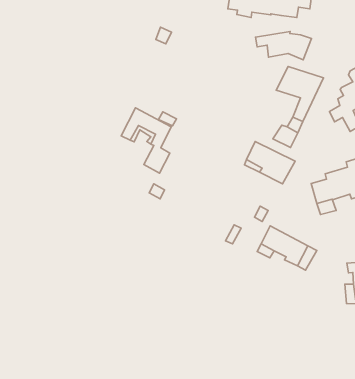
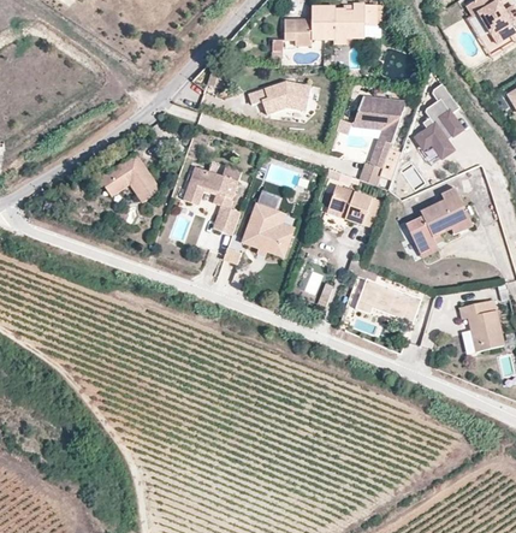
building: [255,31,312,60] -> [248,81,312,113]
building: none -> [100,154,160,202]
building: none -> [241,191,295,257]

